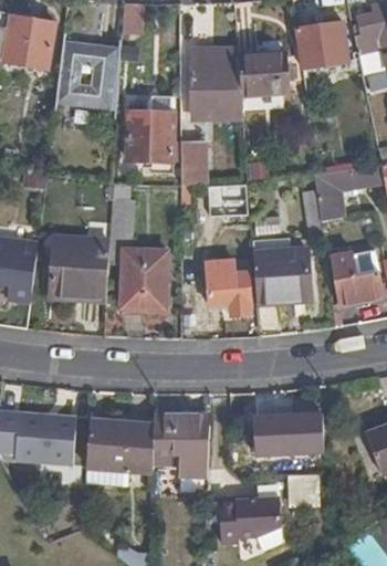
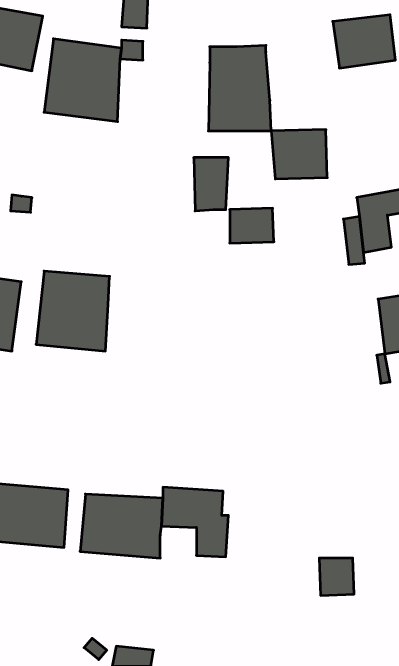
building: [240,53,286,94] -> [271,130,327,179]
building: [127,112,176,163] -> none
building: [109,182,169,310] -> none
building: [253,249,312,305] -> none
building: [208,261,251,316] -> none
building: [253,417,306,455] -> none
building: [211,492,279,545] -> none

